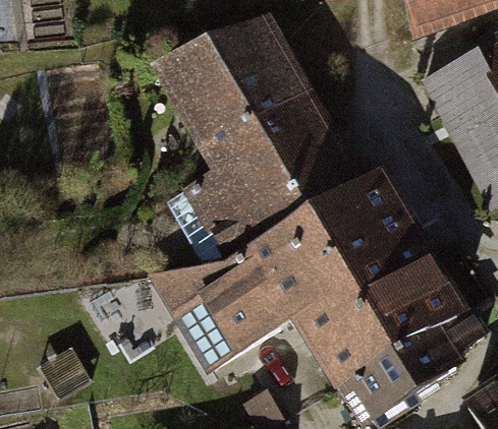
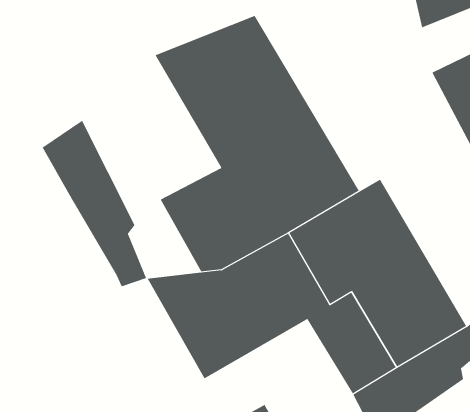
building: none -> [42,120,147,287]

